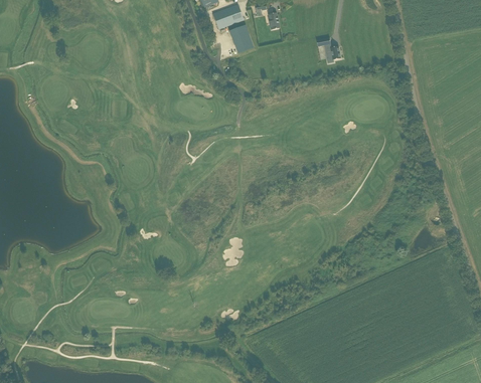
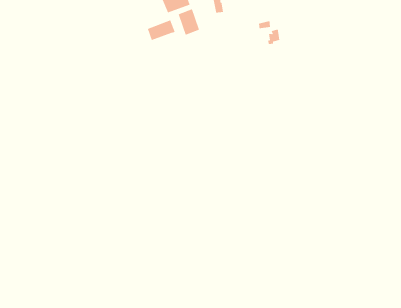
building: none -> [147,20,175,41]

